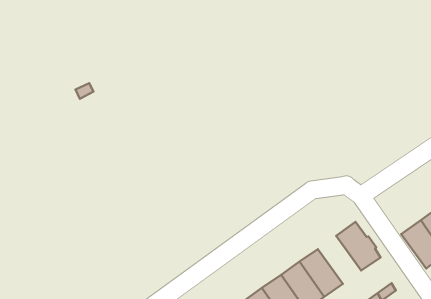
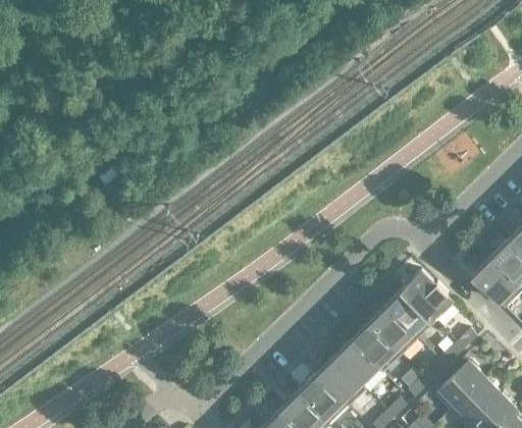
building: none -> [385,287,435,337]

